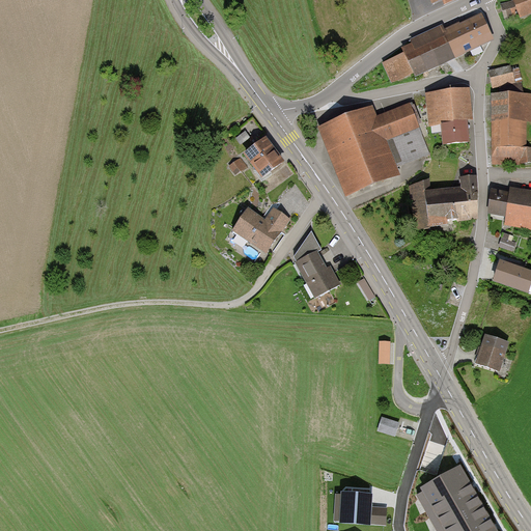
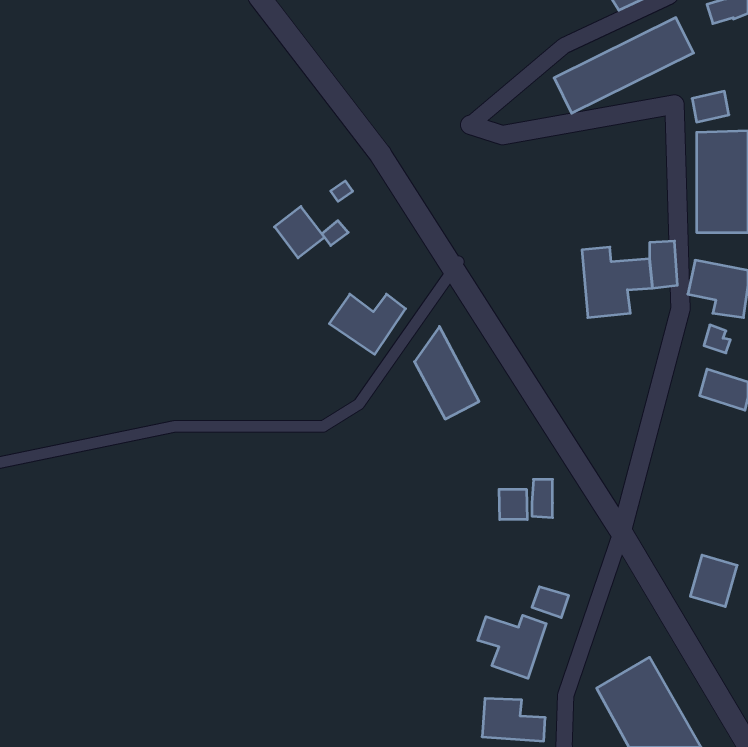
building: [427,88,473,145] -> none
building: [325,101,428,190] -> none
building: [245,138,280,174] -> [274,206,324,258]
building: [444,202,478,221] -> none
building: [478,333,511,369] -> [690,555,737,607]
building: none -> [499,489,527,520]
building: none -> [478,615,546,678]

